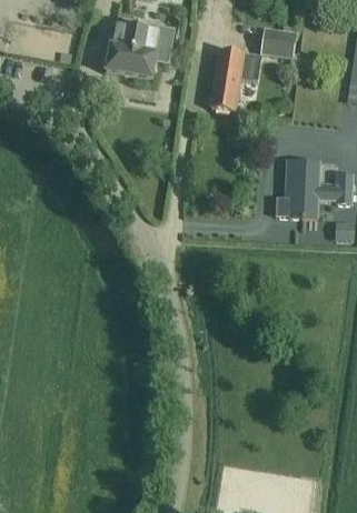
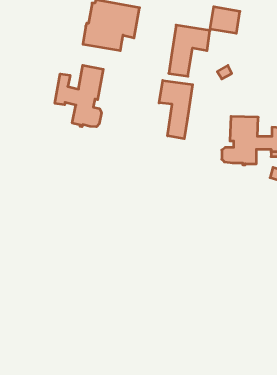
building: none -> [55,65,103,127]
building: none -> [159,80,193,139]

